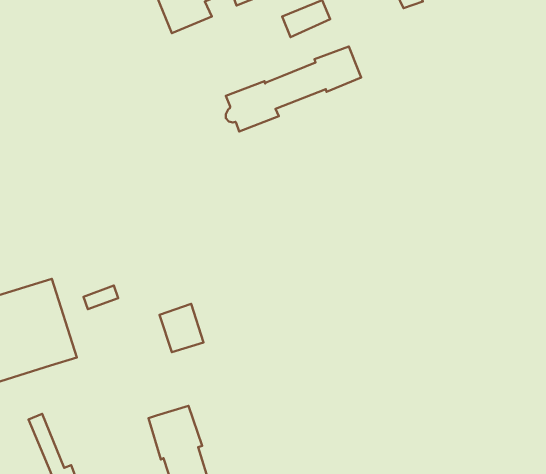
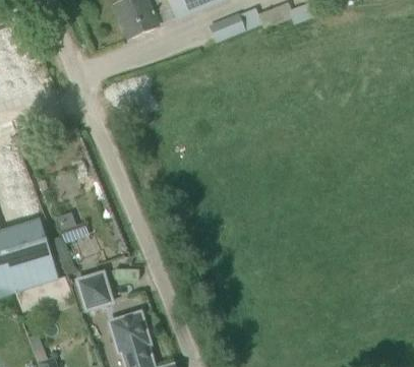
building: [226,47,361,132] -> none
building: [159,304,203,352] -> [79,271,112,307]

